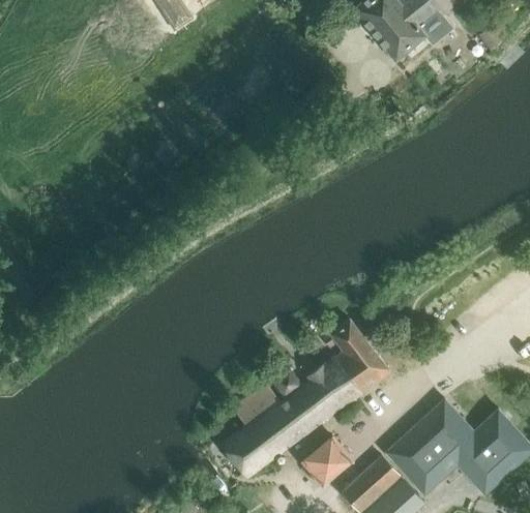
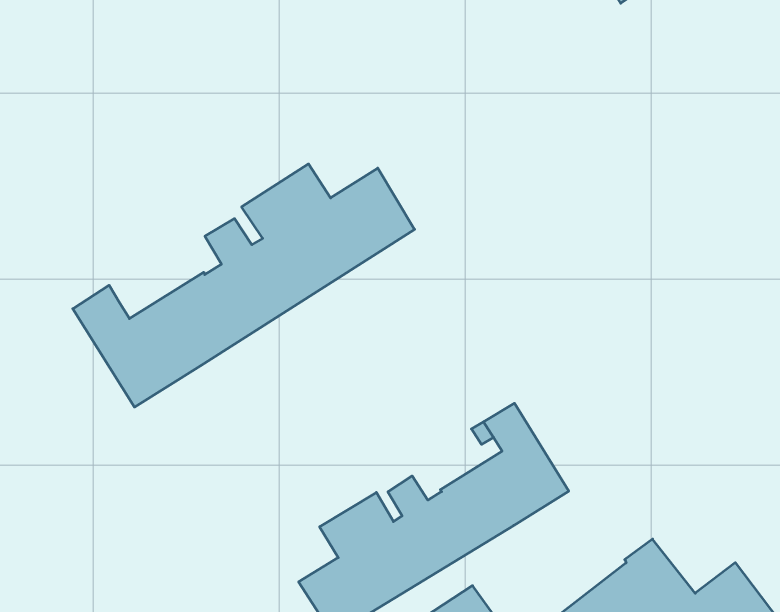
building: none -> [73,164,415,407]

